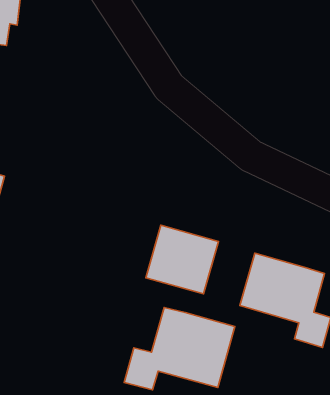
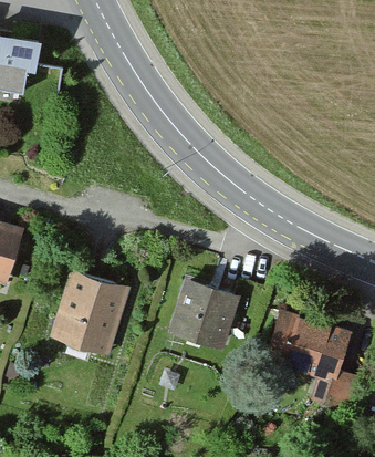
building: none -> [51,271,133,357]
building: [124,307,235,390] -> none

